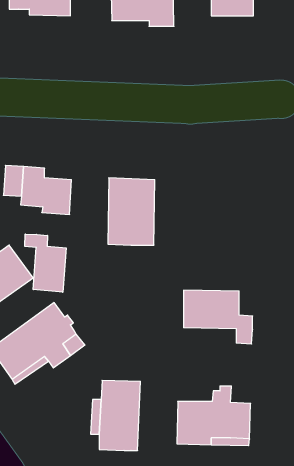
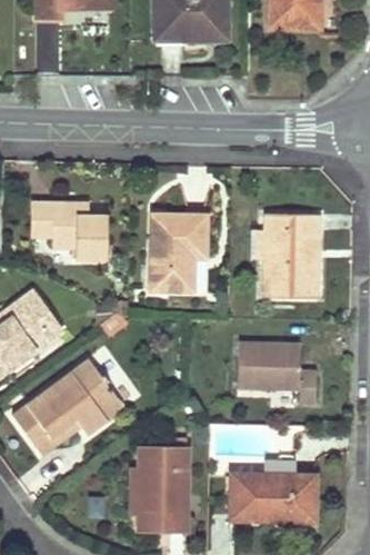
building: none -> [251,214,320,298]
building: [25,234,66,292] -> none

